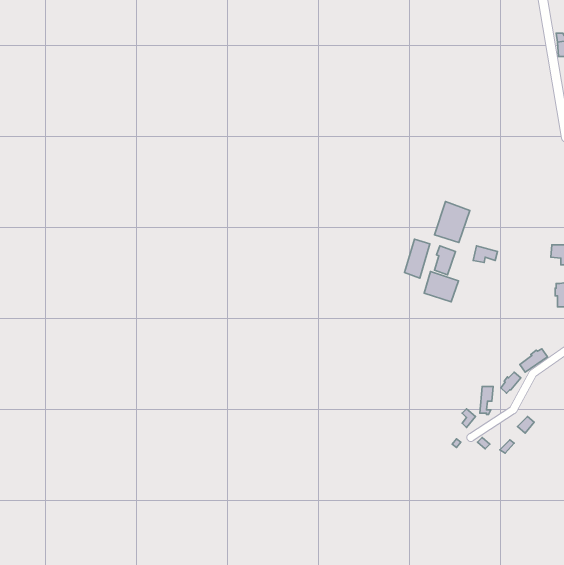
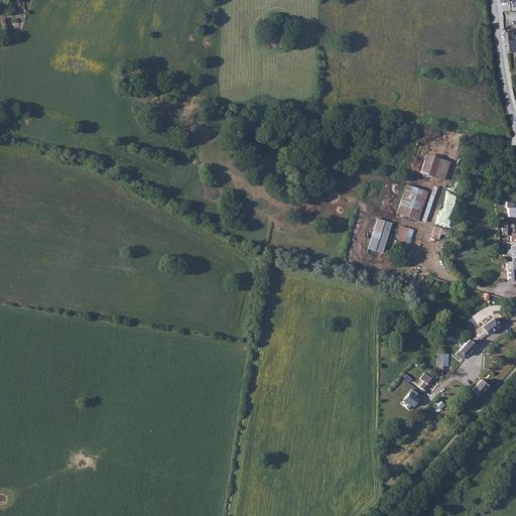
building: none -> [421,154,450,178]
building: [424,272,458,302] -> none

